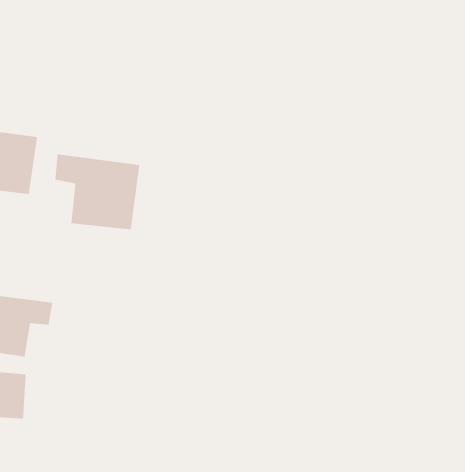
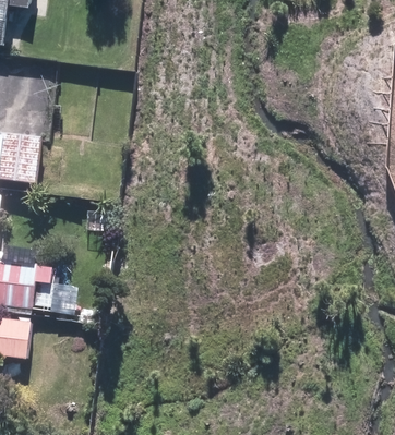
building: [55,154,140,230] -> none

